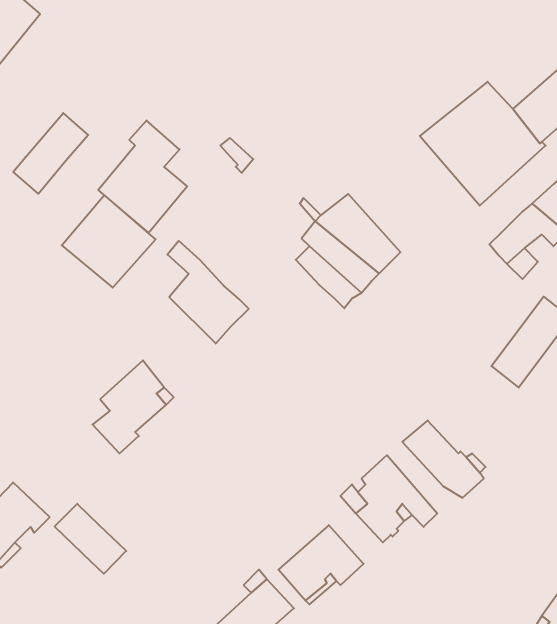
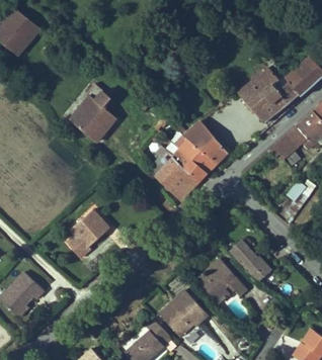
building: [13,113,88,194] -> none
building: [62,195,156,288] -> none
building: [167,241,249,344] -> [155,146,197,199]
building: [55,504,126,574] -> none

